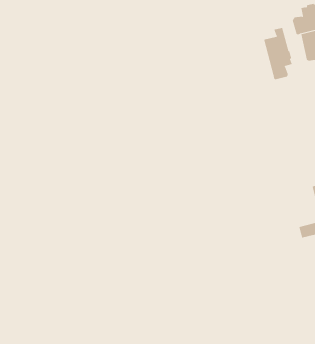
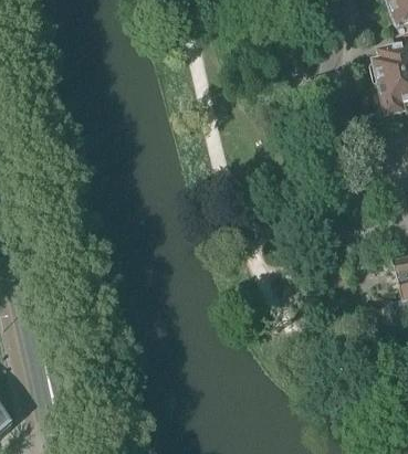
building: [264,27,292,80] -> none

